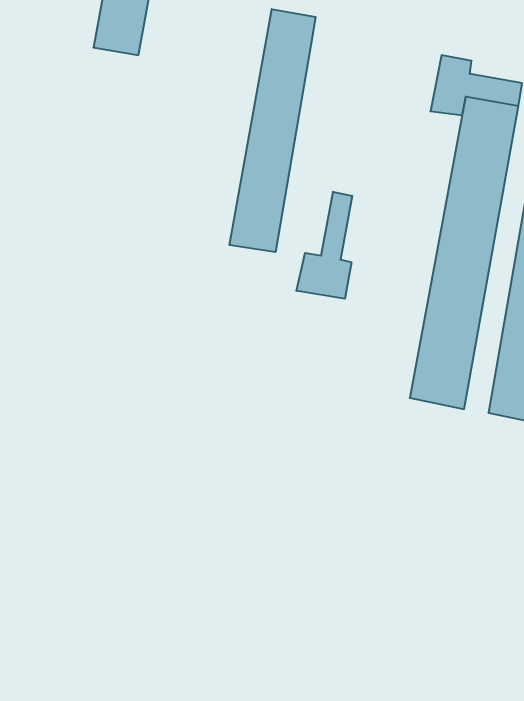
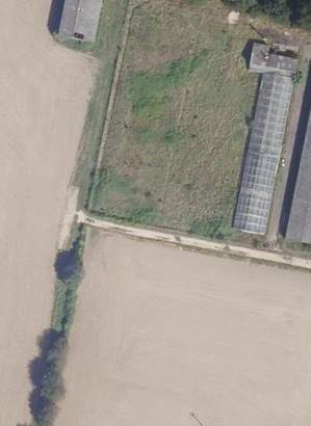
building: [229,9,316,252] -> none
building: [296,192,352,299] -> none

